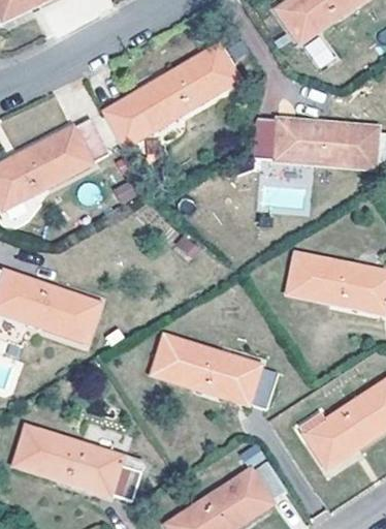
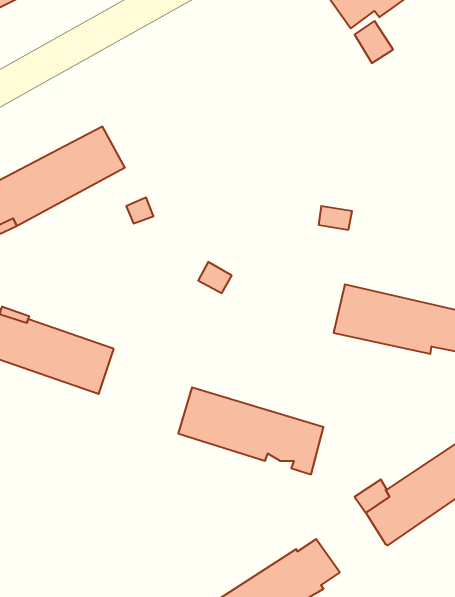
building: [103,45,237,148] -> none
building: [254,118,377,167] -> none
building: [14,427,144,502] -> none

